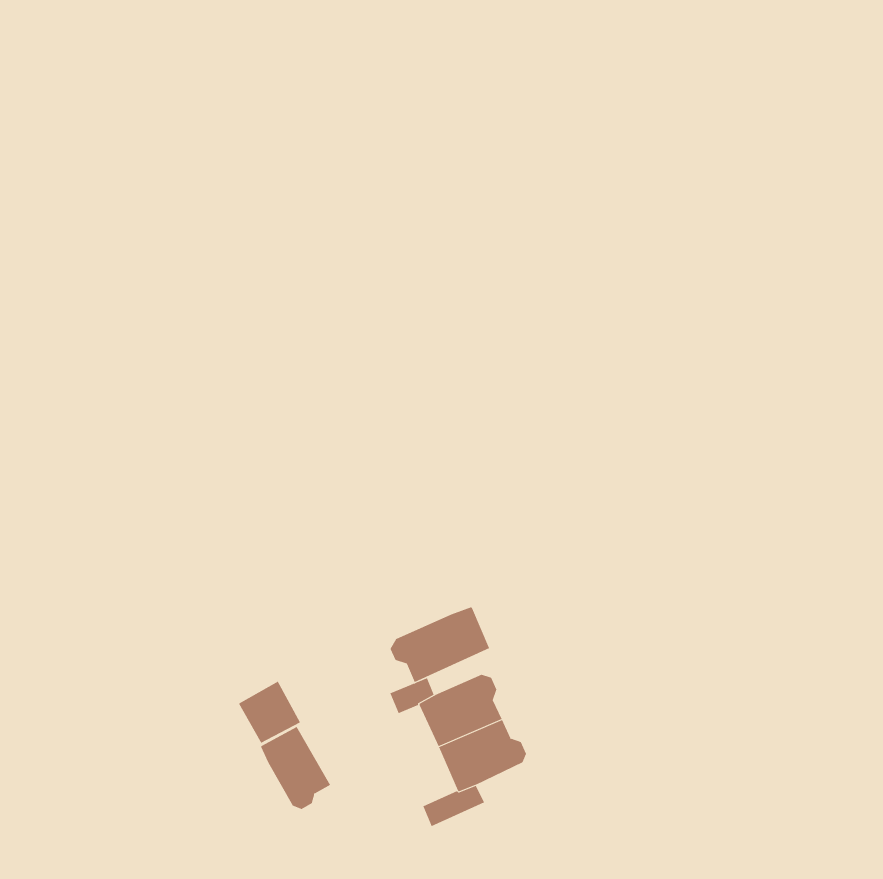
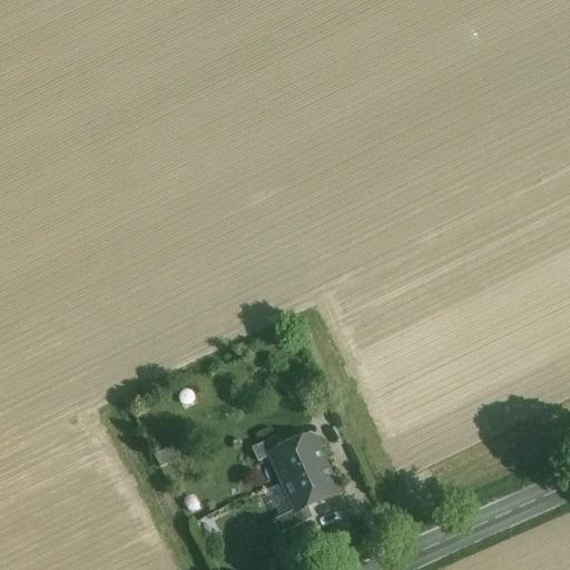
building: [390,607,490,683] -> none
building: [260,726,331,810] -> none

